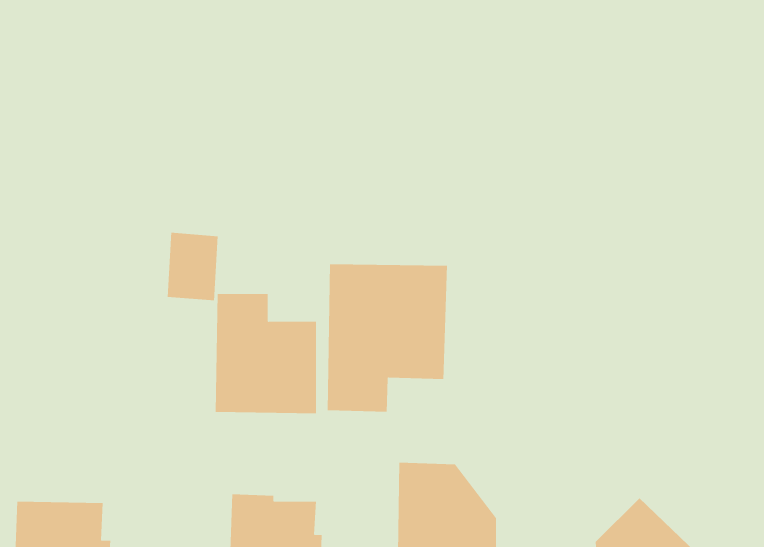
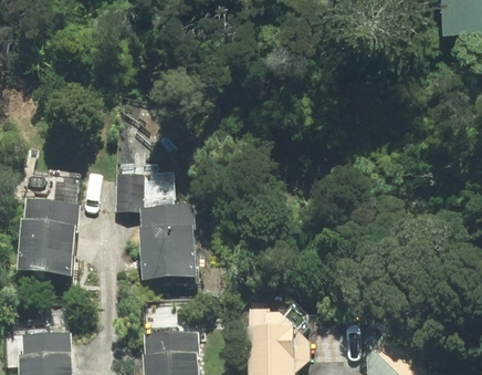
building: none -> [20,173,78,278]
building: [327,264,447,413] -> none

